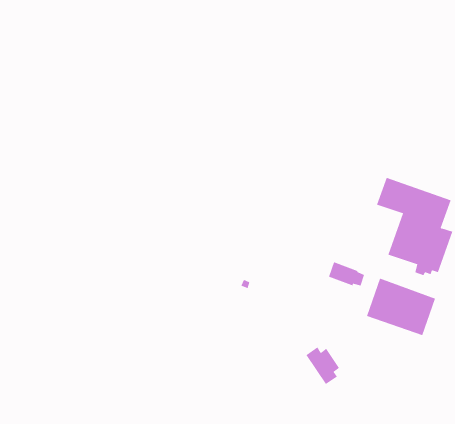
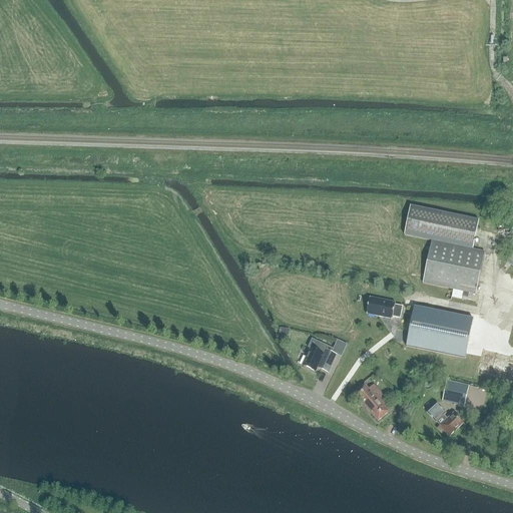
building: none -> [301,340,337,370]
building: none -> [441,379,467,404]
building: none -> [426,401,462,433]

